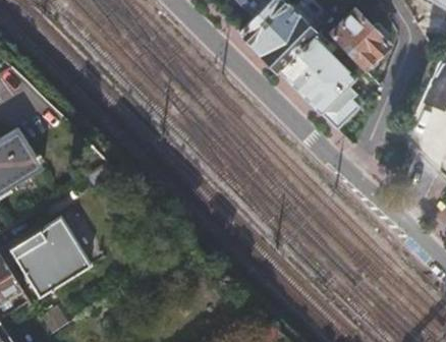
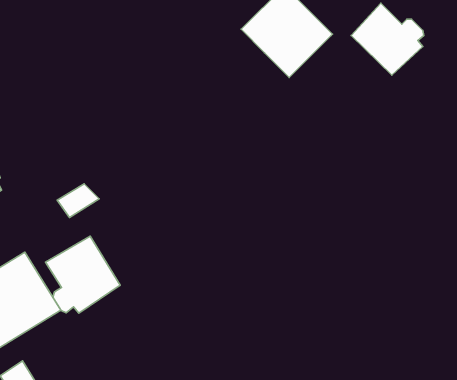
building: [279,39,358,131] -> none
building: none -> [45,236,120,313]

